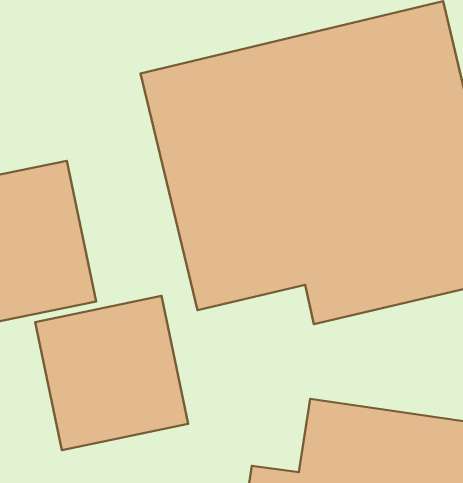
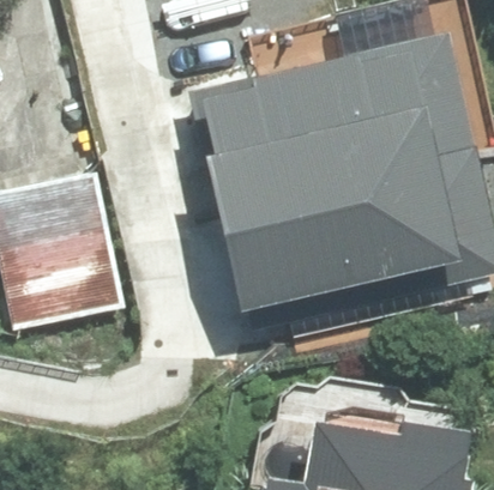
building: [35,296,188,450] -> none

